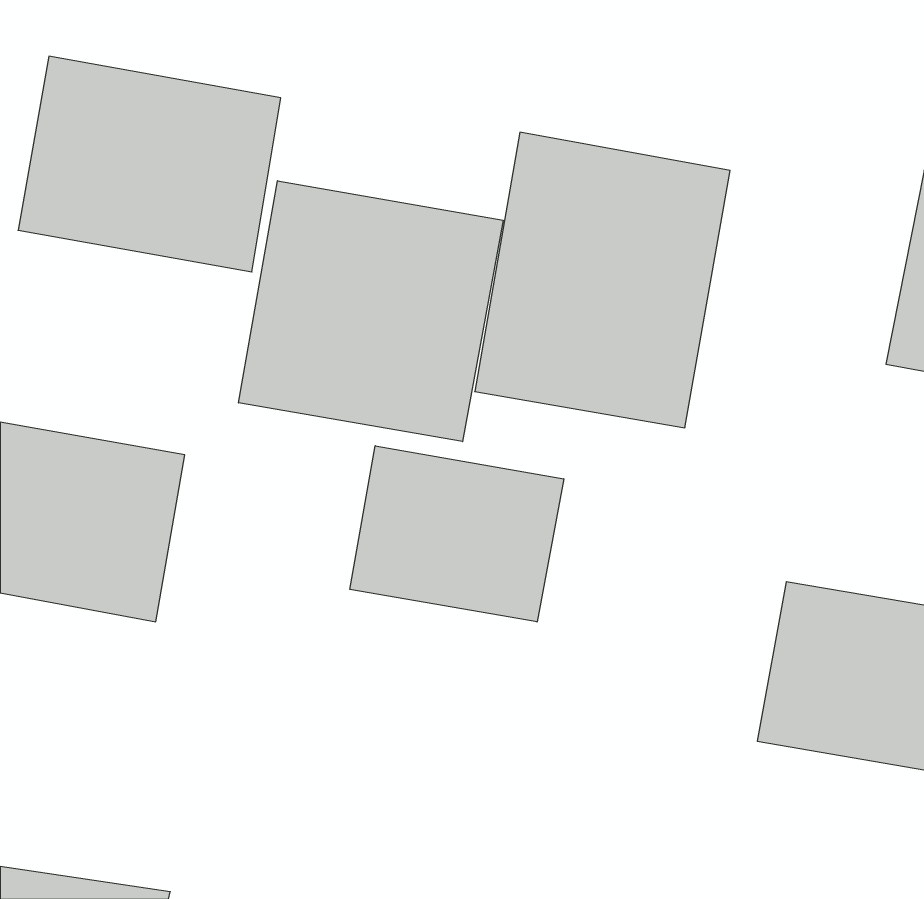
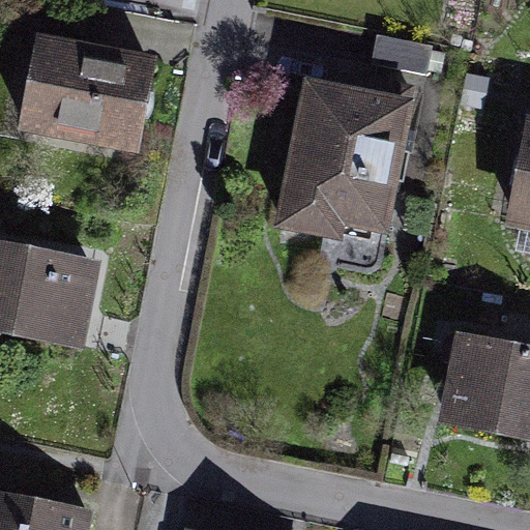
building: [239,181,503,442] -> none
building: [350,446,564,622] -> none

